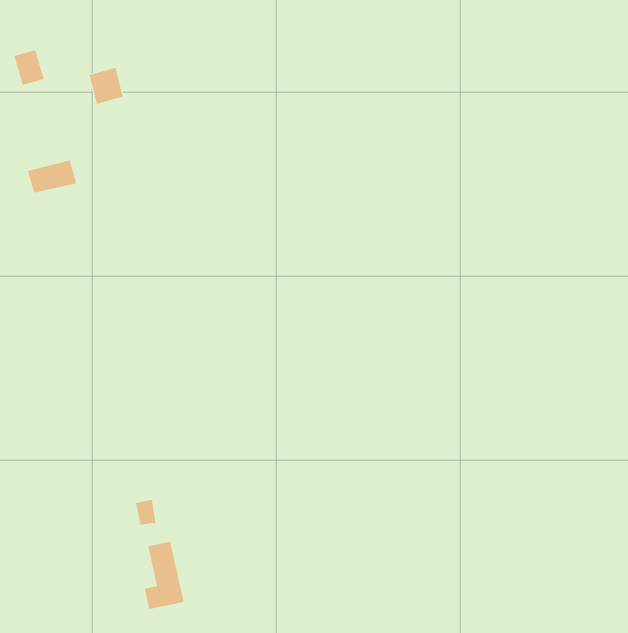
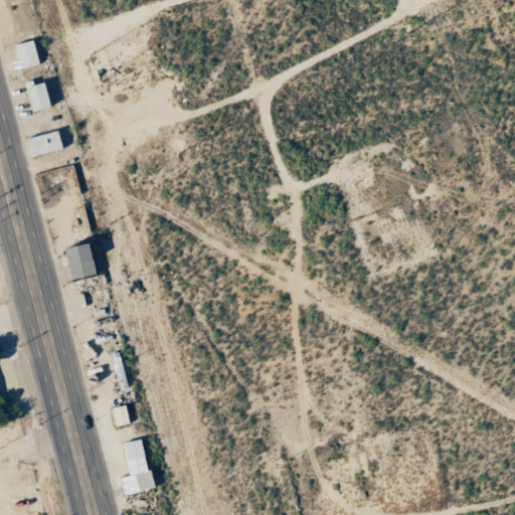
building: [89,67,124,104] -> [26,81,54,112]
building: none -> [63,242,95,281]

